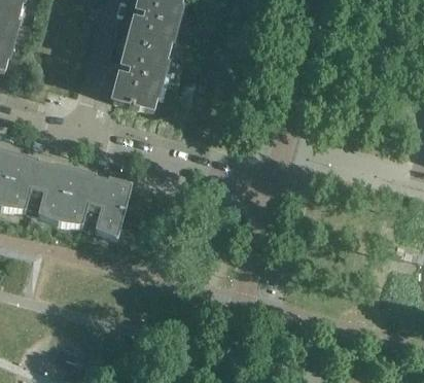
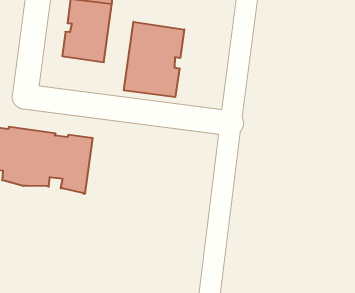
building: none -> [124,22,184,97]

